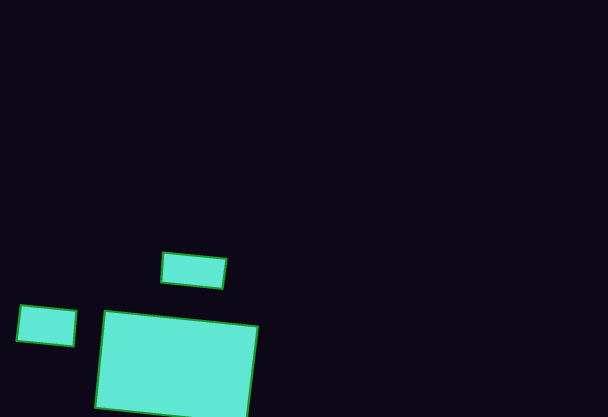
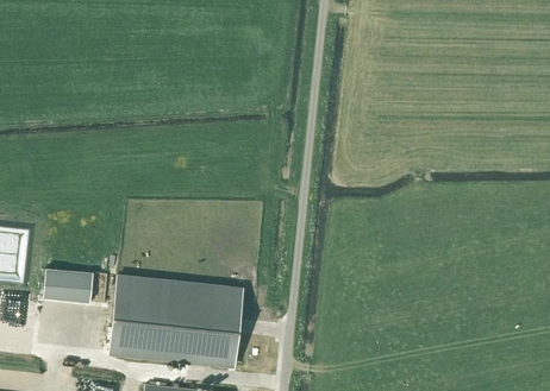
building: [161,252,226,289] -> none

